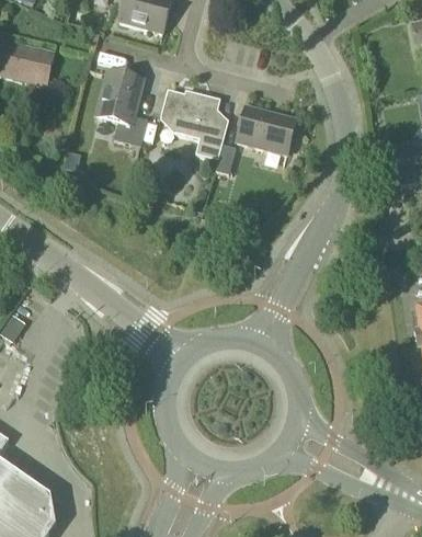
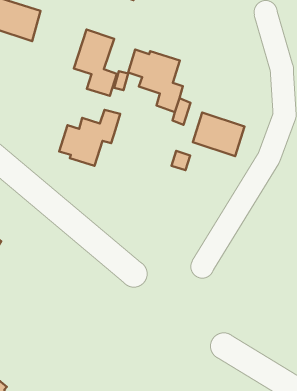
building: [237,105,296,153] -> [193,113,245,156]
building: none -> [59,110,120,166]

